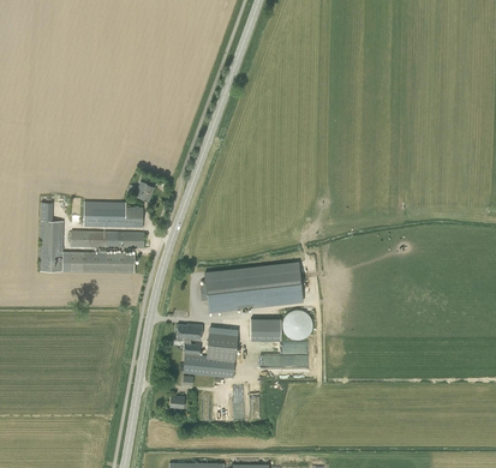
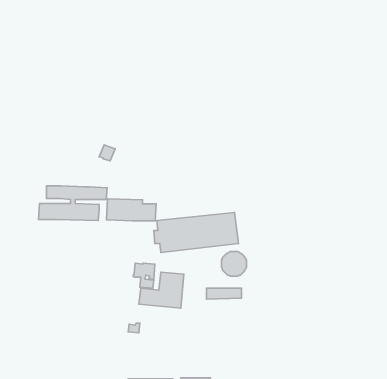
building: [83,200,143,227] -> [107,199,156,221]
building: [40,221,62,271] -> none
building: [251,317,281,340] -> none

